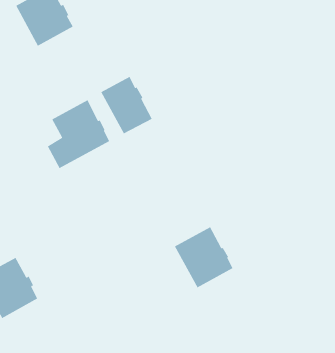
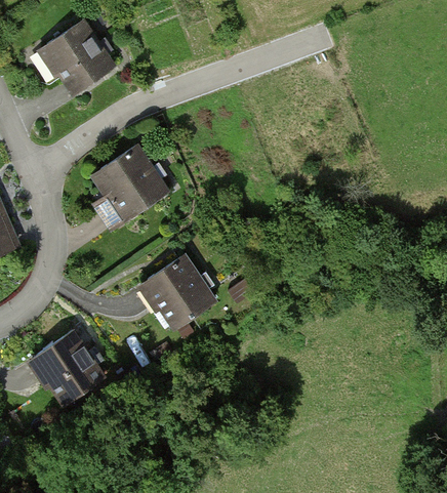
building: [100,76,153,135] -> none
building: [174,226,234,289] -> [145,255,214,327]

